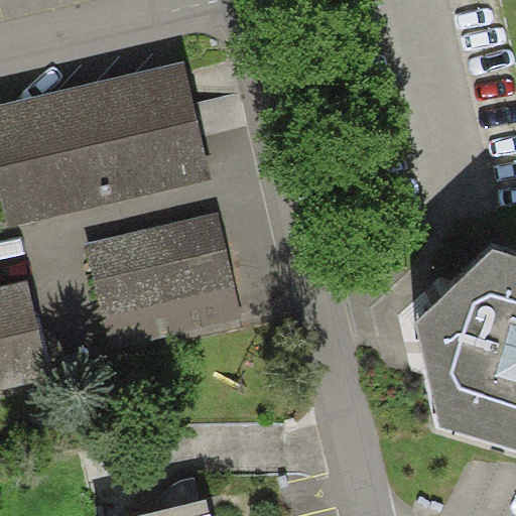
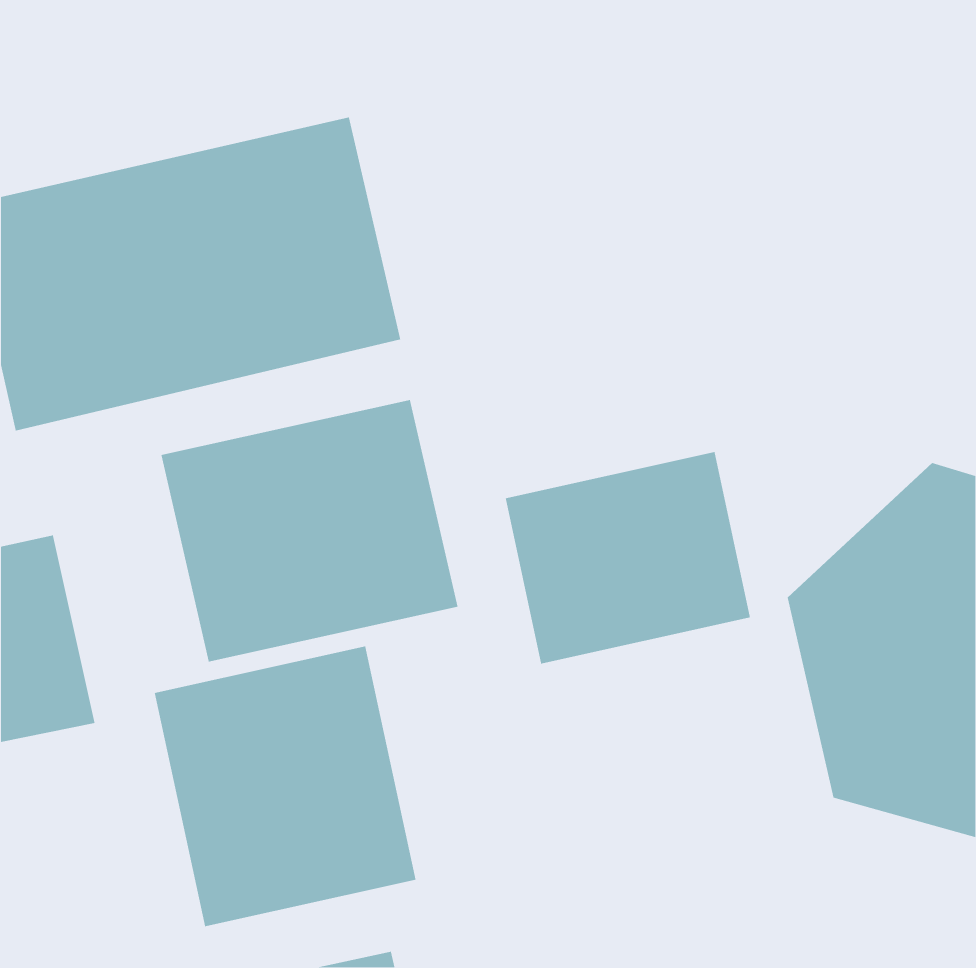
building: none -> [505,451,751,665]
building: none -> [154,646,416,927]

